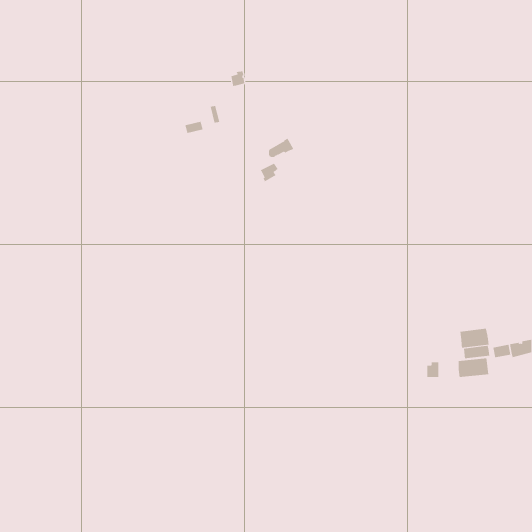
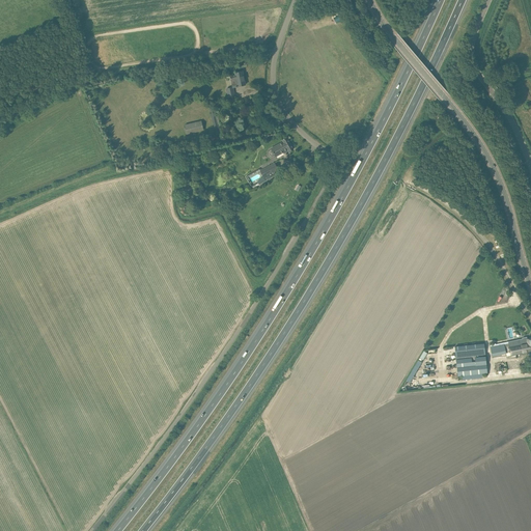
building: [460,328,489,349] -> none

